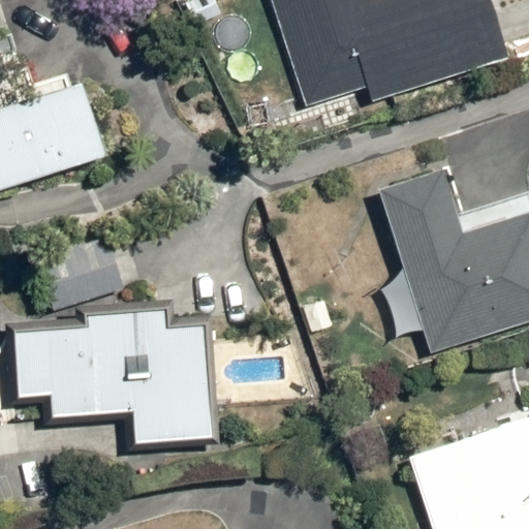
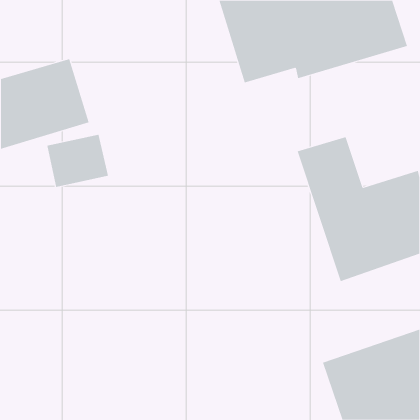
building: [45,239,124,306] -> [46,134,109,188]
building: [15,309,214,445] -> none

